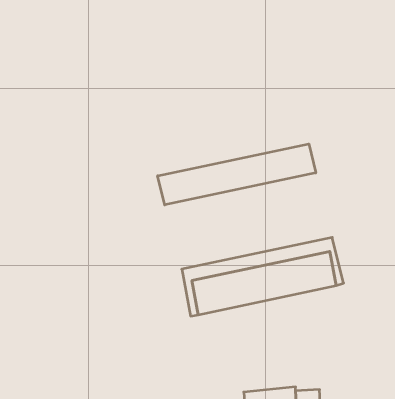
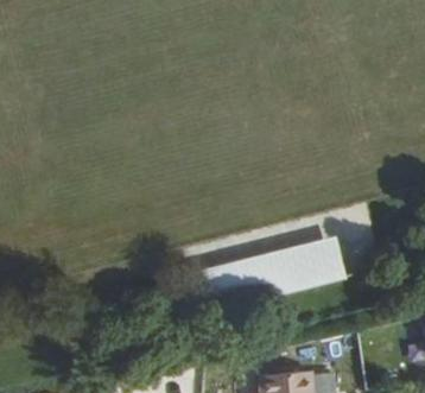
building: [158,144,316,205] -> none

